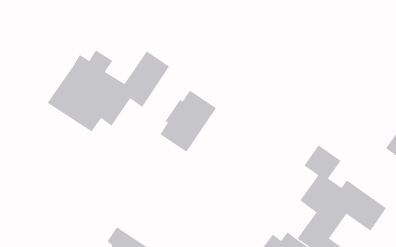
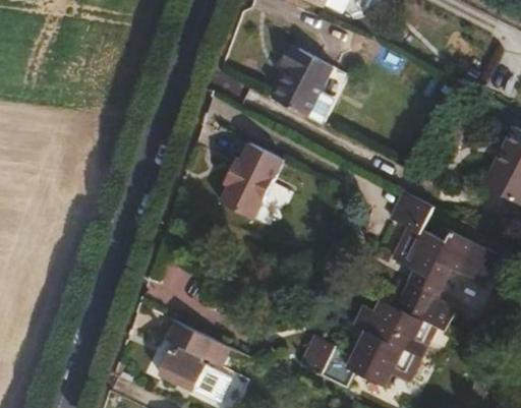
building: none -> [272,46,333,116]
building: [47,50,170,132] -> none

